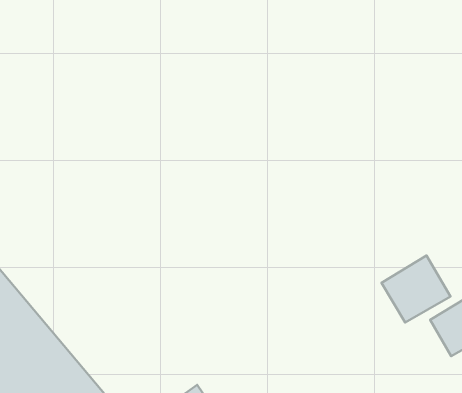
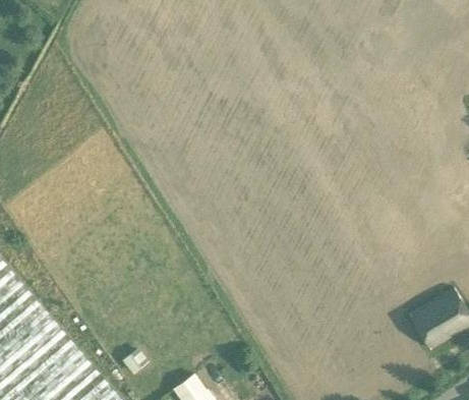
building: [382,255,451,322] -> none

